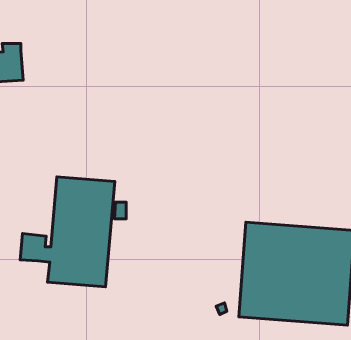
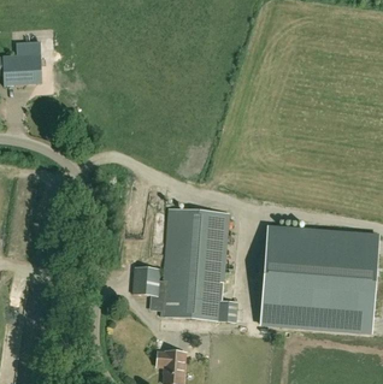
building: [20,177,115,287] -> [132,208,229,320]

